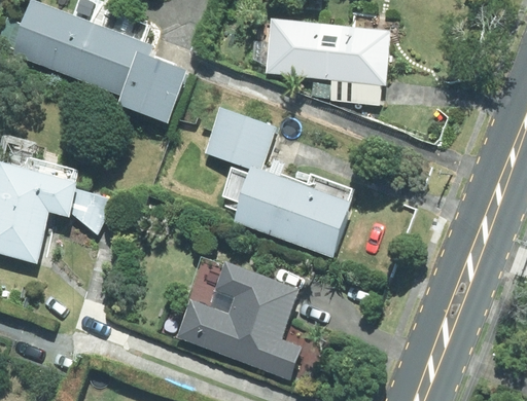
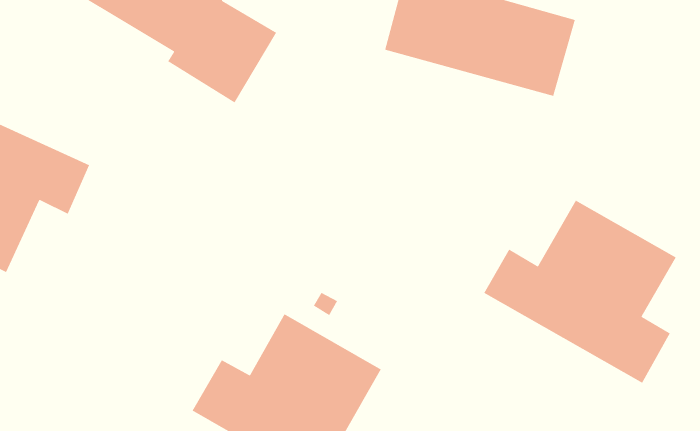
building: [203,105,351,256] -> none
building: none -> [483,200,677,384]

